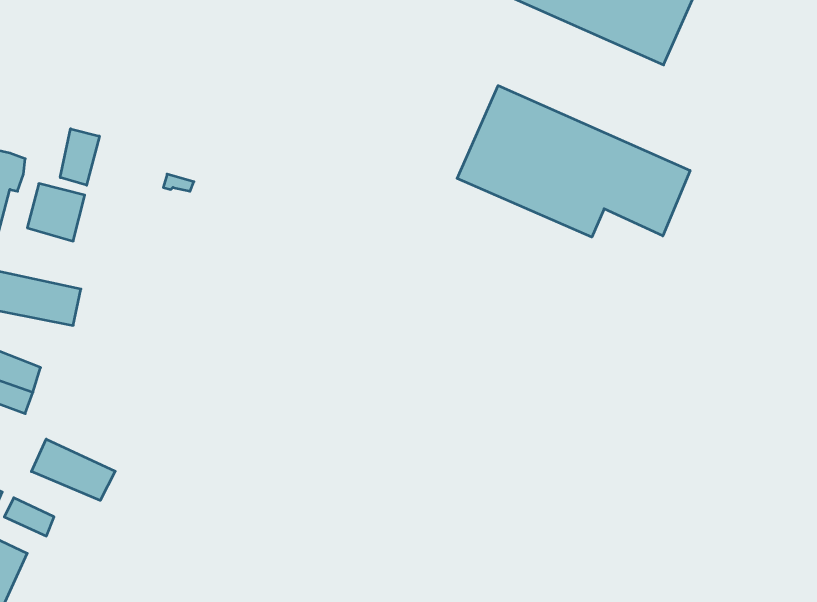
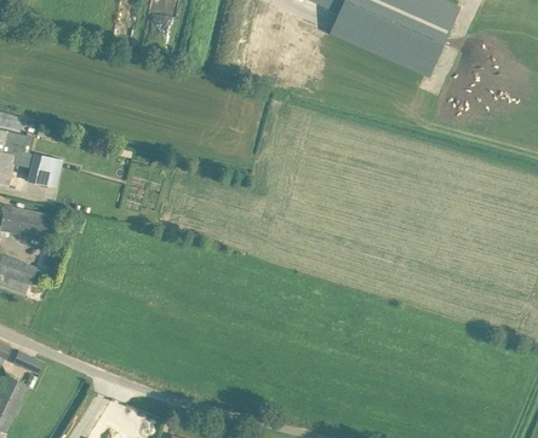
building: [457,86,690,237] -> none
building: [60,129,99,185] -> none
building: [31,439,115,500] -> none

